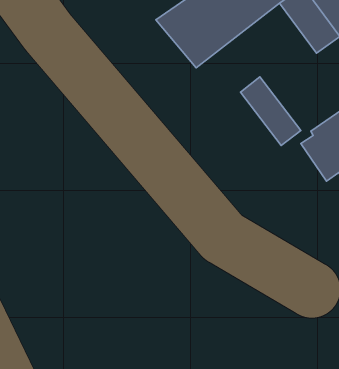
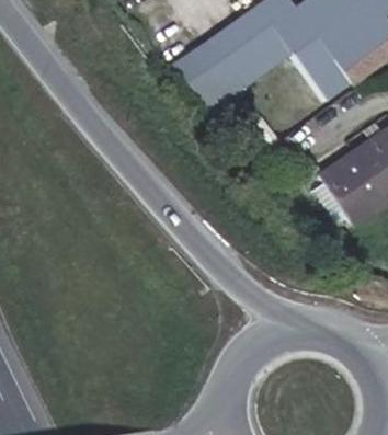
building: [241,77,301,146] -> none

